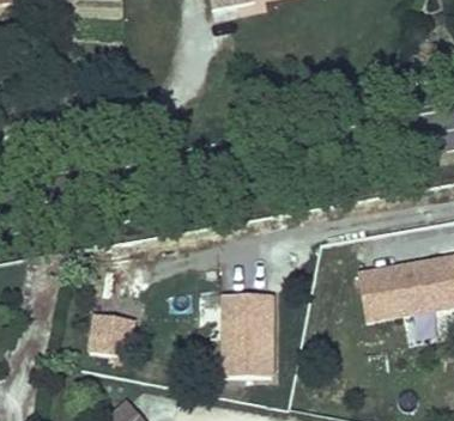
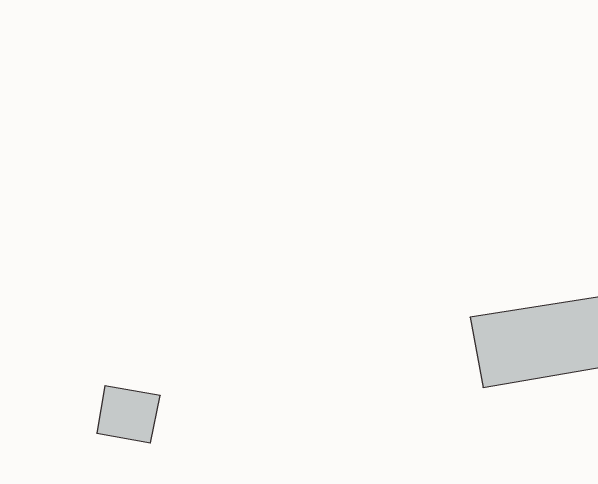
building: [226,294,274,376] -> none

